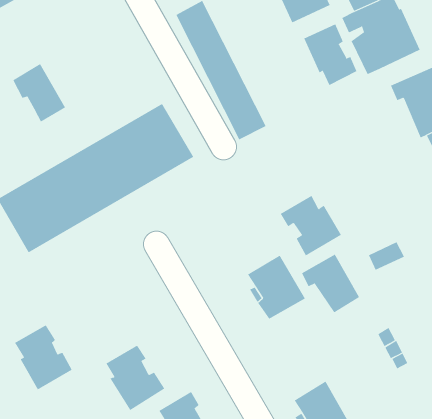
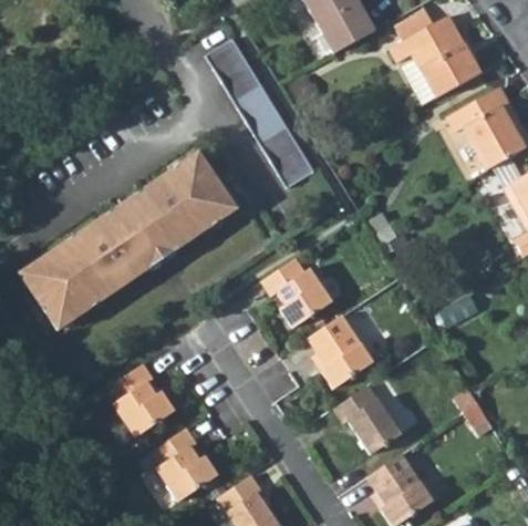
building: [303,23,357,86] -> none
building: [13,63,66,122] -> none
building: [280,195,342,256] -> [263,259,334,328]
building: [301,254,360,313] -> [331,384,398,451]
building: [14,324,73,390] -> [108,363,176,437]

